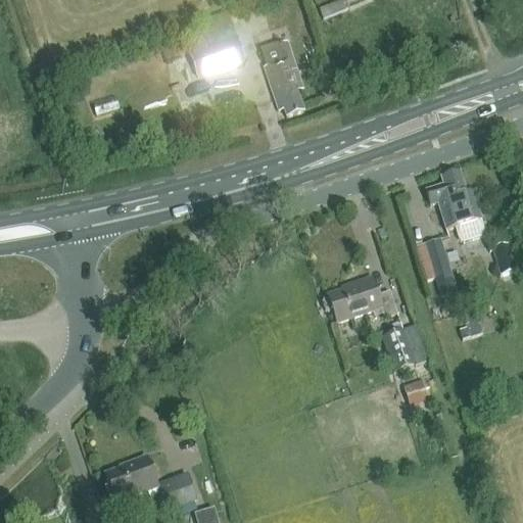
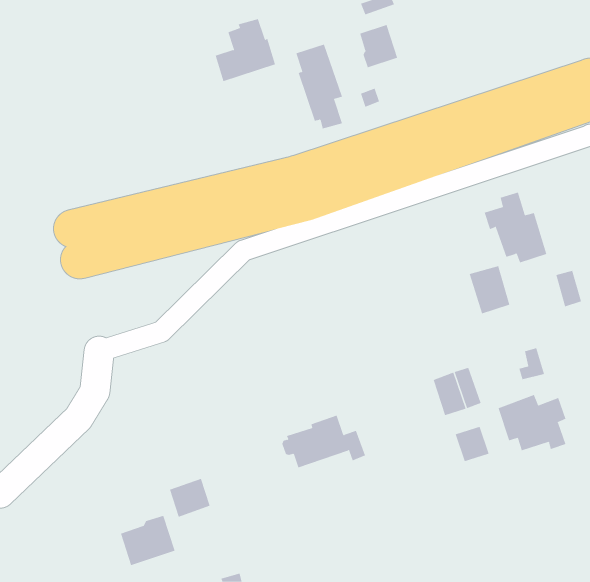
building: none -> [360,24,398,68]
building: [322,275,396,322] -> [282,415,366,468]
building: none -> [498,394,566,451]
building: [160,474,197,509] -> [169,478,211,517]

